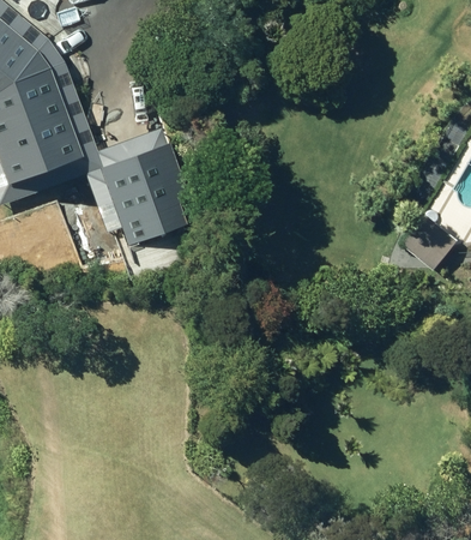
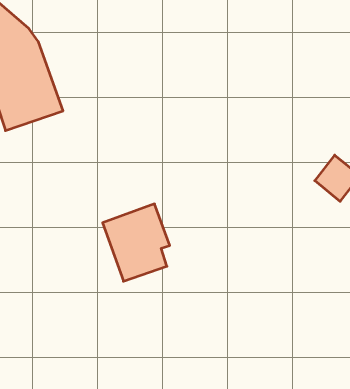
building: [103,144,188,242] -> [103,204,170,281]

